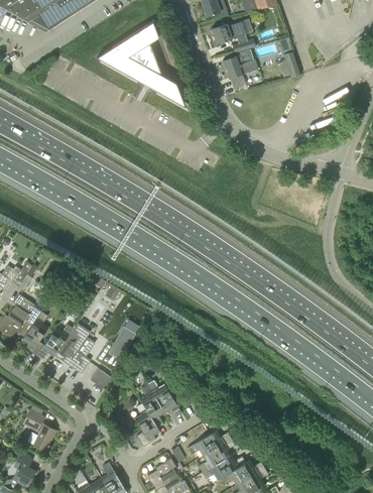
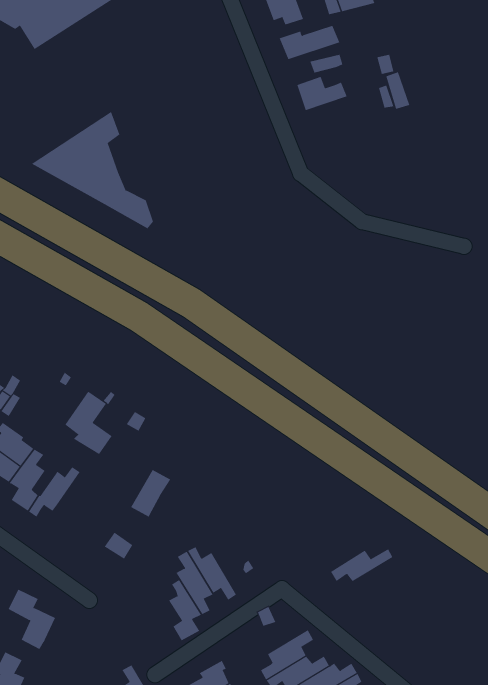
building: [96,21,180,103] -> [31,111,154,229]
building: [56,329,90,373] -> [64,391,113,455]
building: [186,432,230,455] -> [330,548,393,582]

